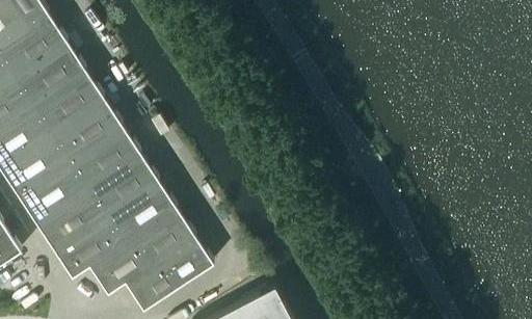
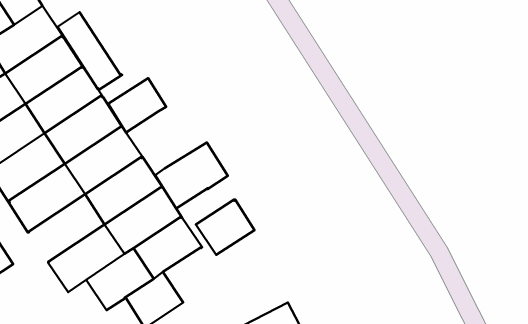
building: none -> [57,12,122,90]
building: none -> [108,78,166,133]
building: none -> [155,142,228,208]
building: [34,188,105,251] -> none
building: [159,237,213,288] -> [196,200,254,255]

